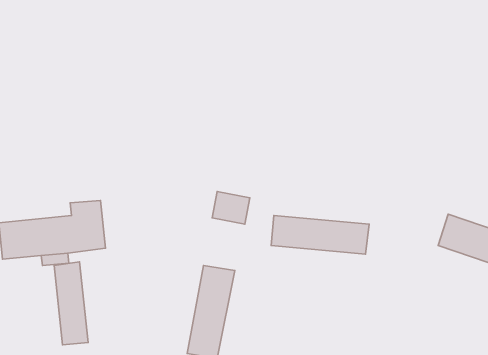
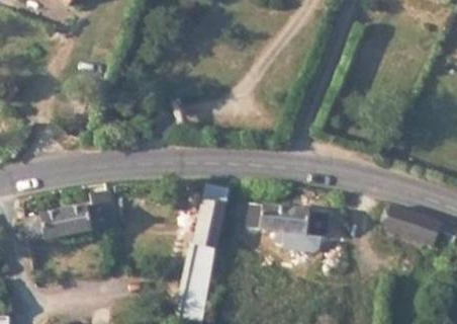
building: none -> [192,210,225,252]
building: [54,262,88,345] -> none

